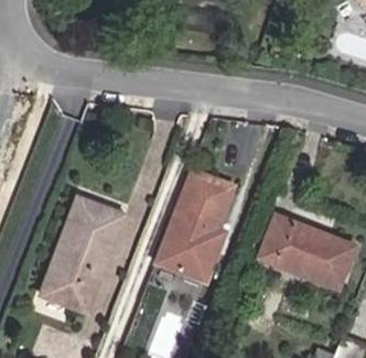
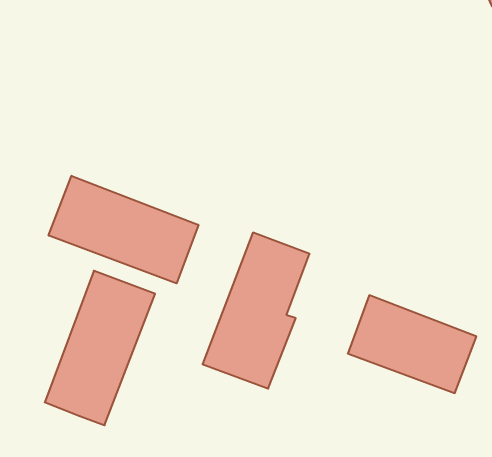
building: none -> [49,176,198,283]

